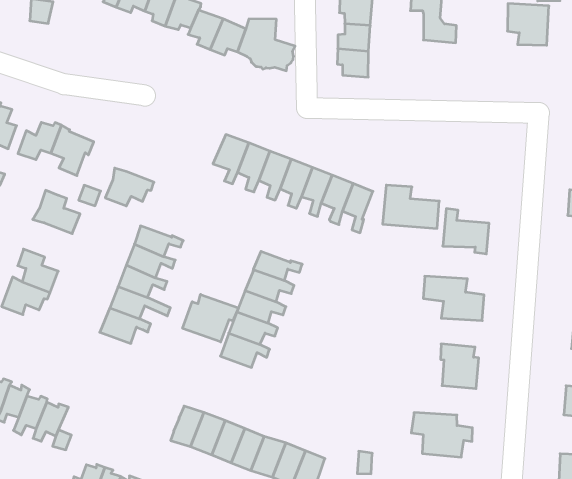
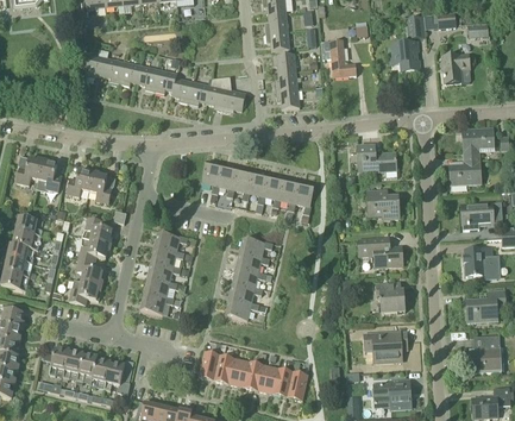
building: [105,168,154,206] -> [78,238,111,263]
building: [383,185,439,228] -> [357,144,396,172]
building: [183,294,238,342] -> none

